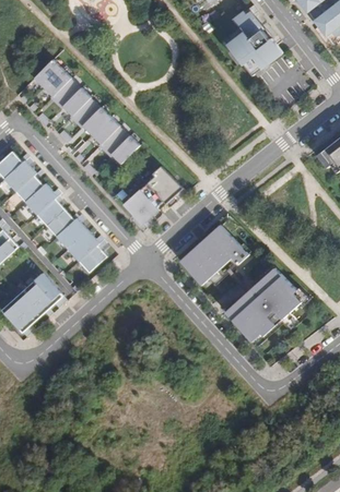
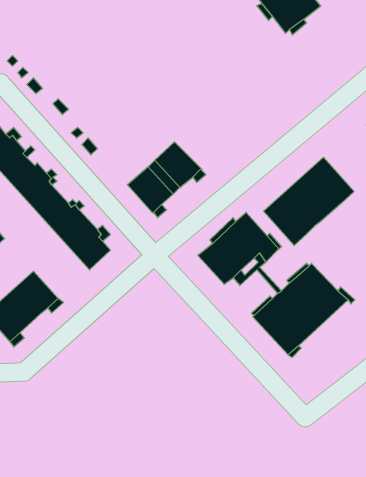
building: [34,58,139,163] -> none
building: none -> [264,157,354,246]

